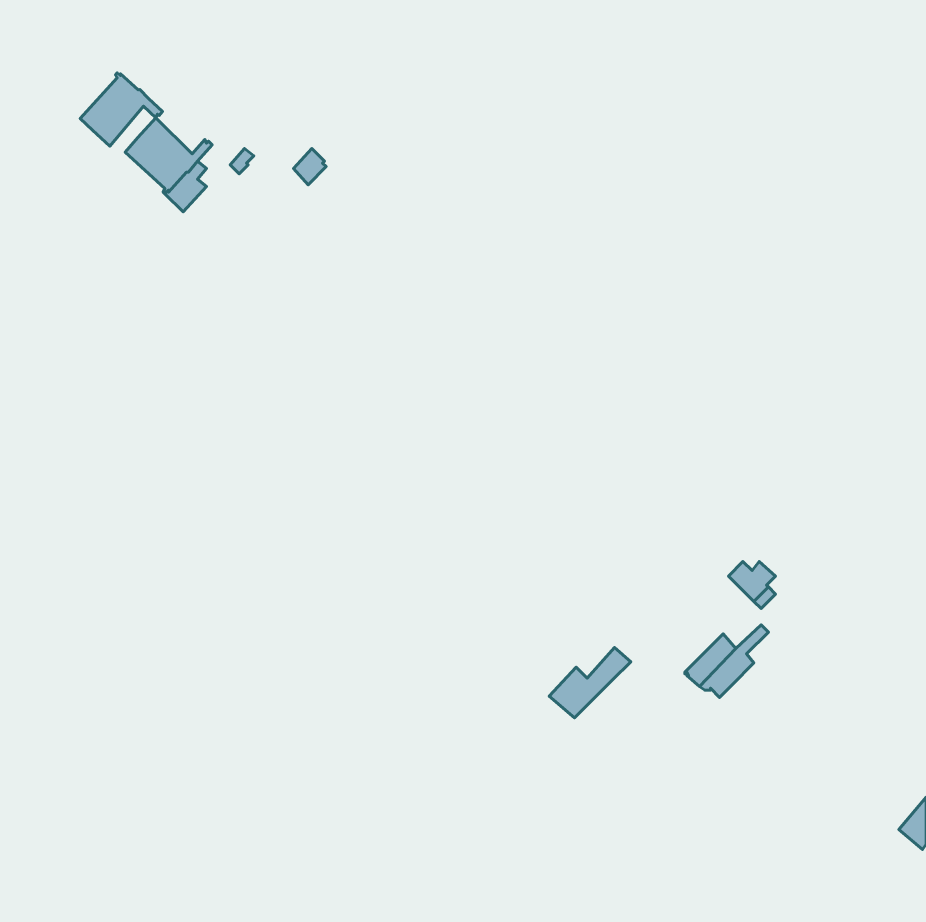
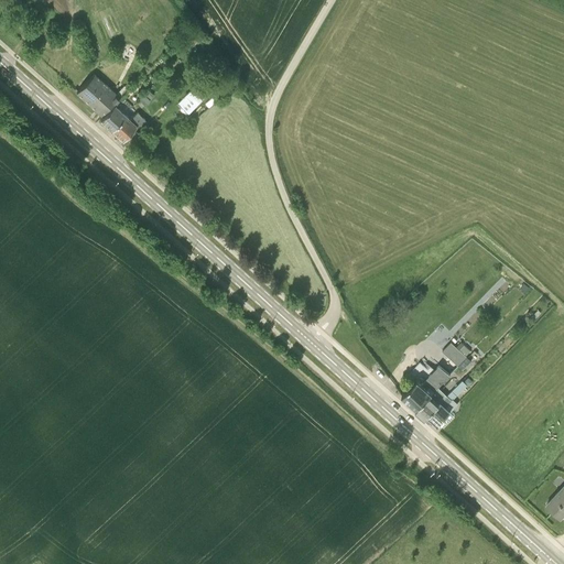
building: [80,73,163,146] -> none
building: none -> [111,113,147,142]
building: [549,647,631,718] -> [401,368,451,411]

